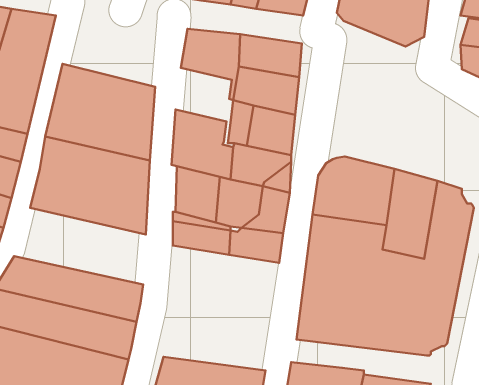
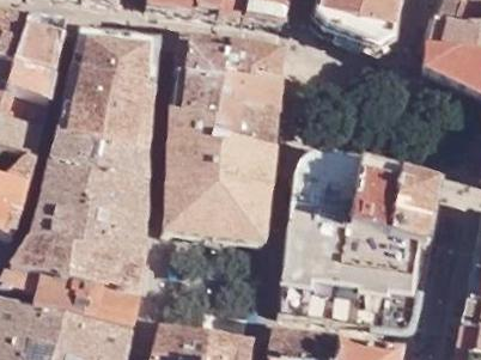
building: none -> [71,28,158,86]
building: none -> [171,69,221,117]
building: none -> [28,194,145,262]

